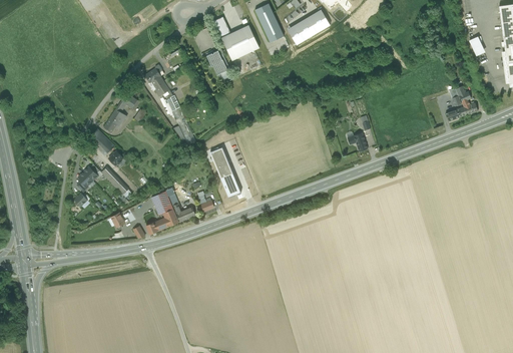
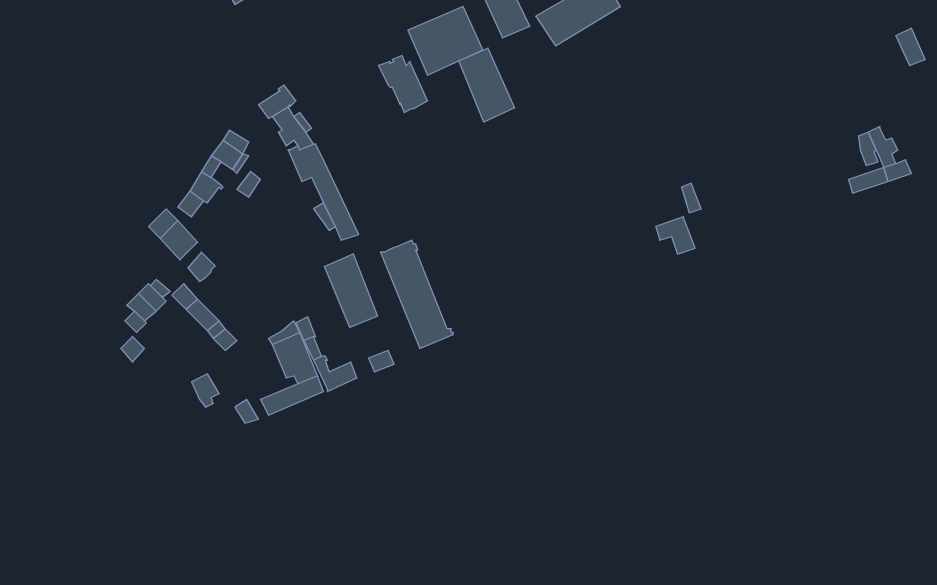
building: none -> [459,48,515,122]
building: none -> [324,254,377,327]

